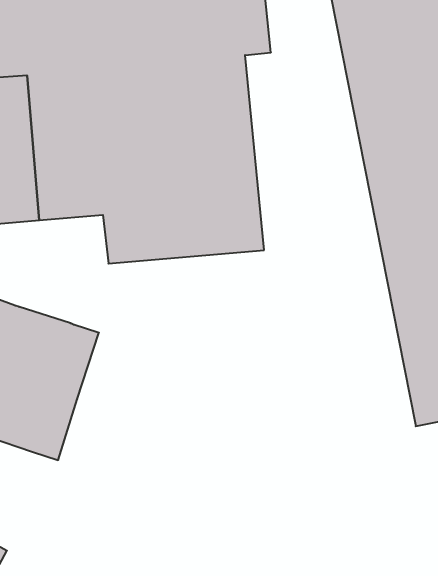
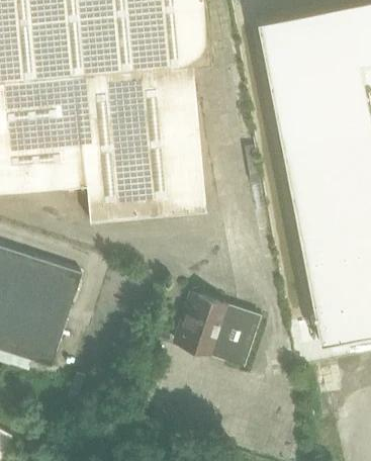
building: none -> [176,298,259,369]

